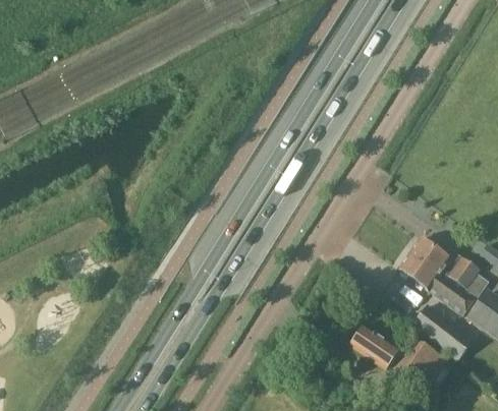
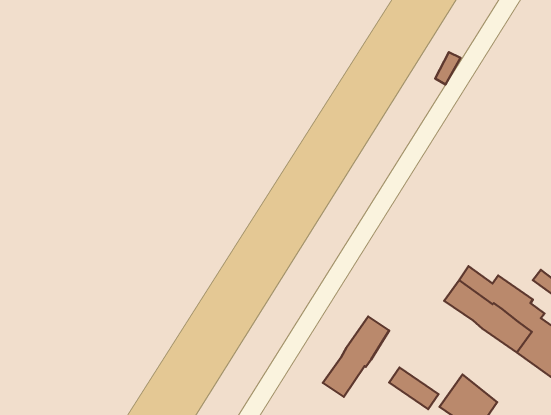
building: none -> [323,316,389,397]
building: [412,302,474,357] -> none

